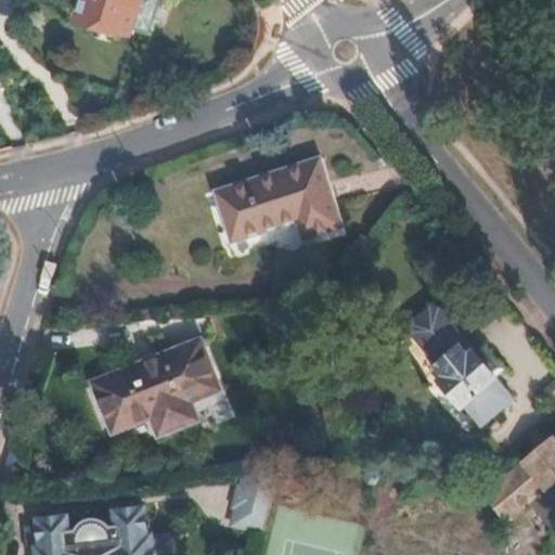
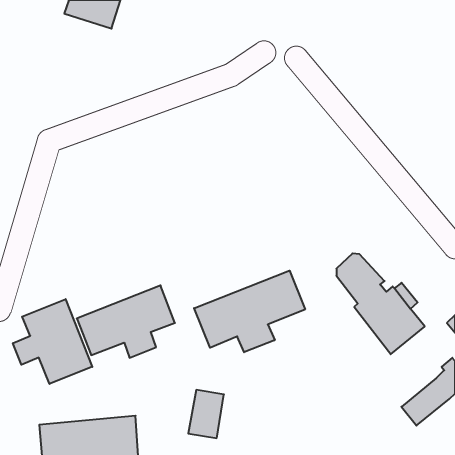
building: [206,157,332,240] -> none
building: none -> [194,271,305,352]
building: none -> [13,299,92,384]

